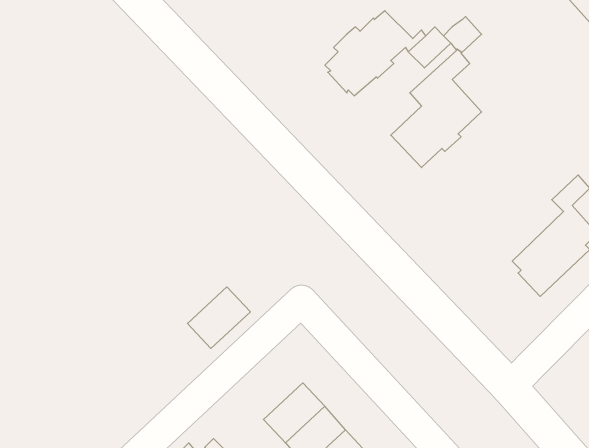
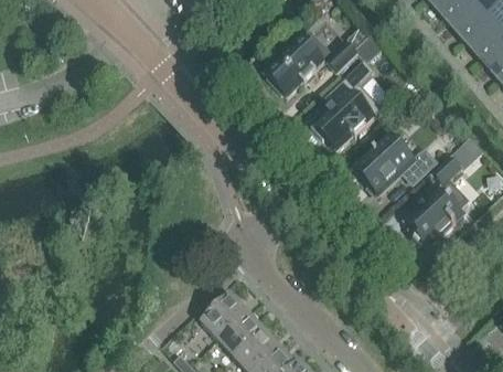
building: none -> [354,135,441,193]
building: [187,287,250,348] -> [201,293,248,339]

